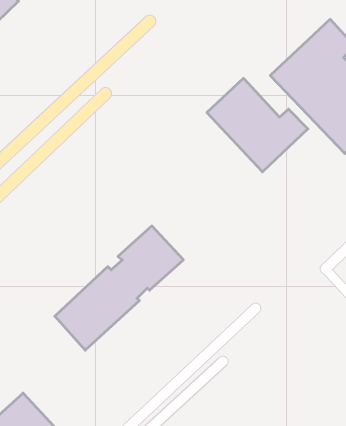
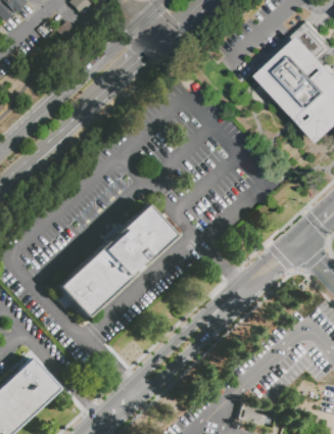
building: [207,78,308,172] -> none

